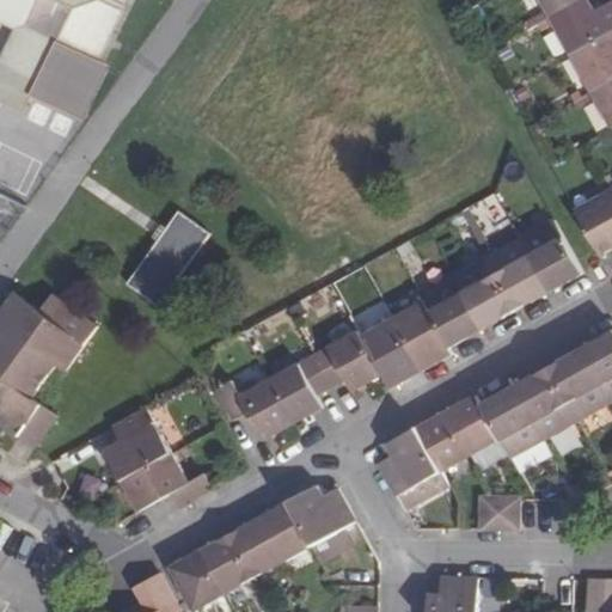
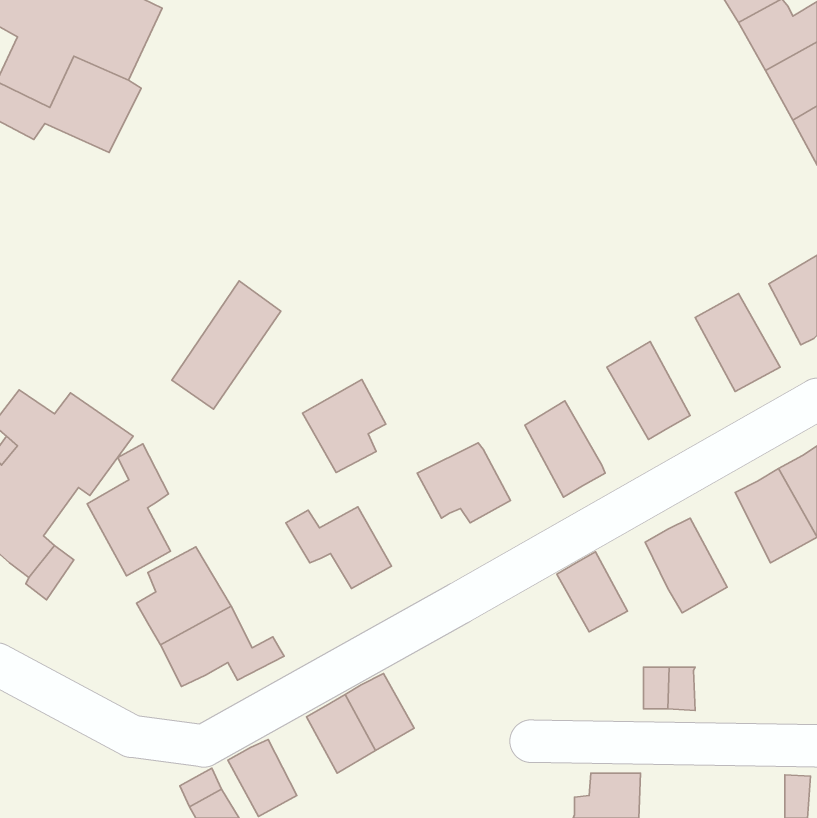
building: [484,237,547,310] -> none
building: [417,274,483,347] -> none
building: [360,317,420,387] -> none
building: none -> [87,444,170,576]
building: [267,353,329,422] -> [302,379,386,472]
building: [514,367,574,437] -> none
building: [443,394,497,455] -> none
building: [378,428,447,510] -> none
building: [286,485,353,543] -> none
building: [200,534,251,593] -> none

